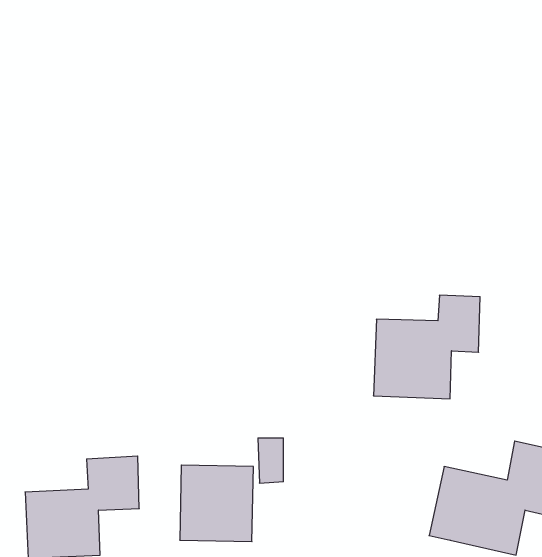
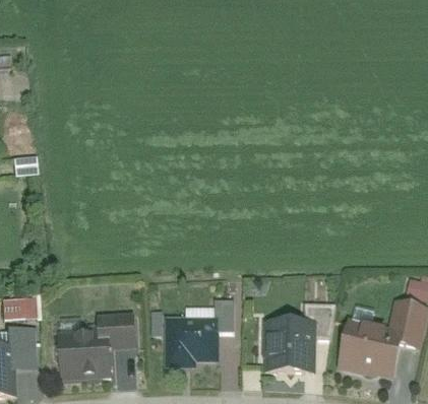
building: [373,295,480,399] -> [263,299,335,369]

